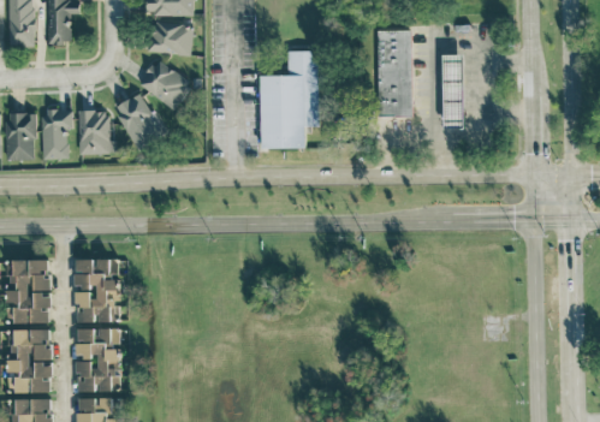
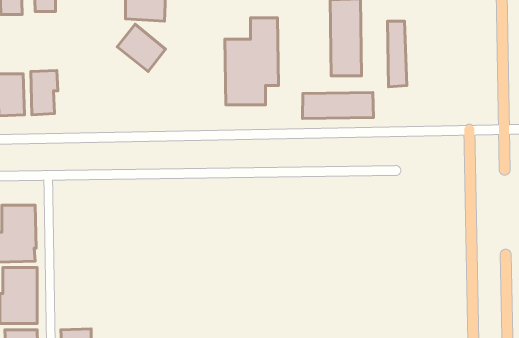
building: [114,91,165,148] -> none
building: [79,109,111,154] -> none
building: none -> [303,93,374,119]
building: [75,258,115,322] -> none
building: [76,328,119,392] -> none

